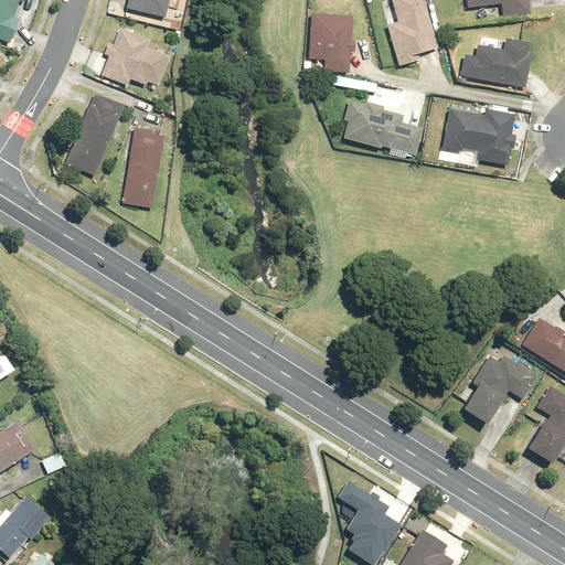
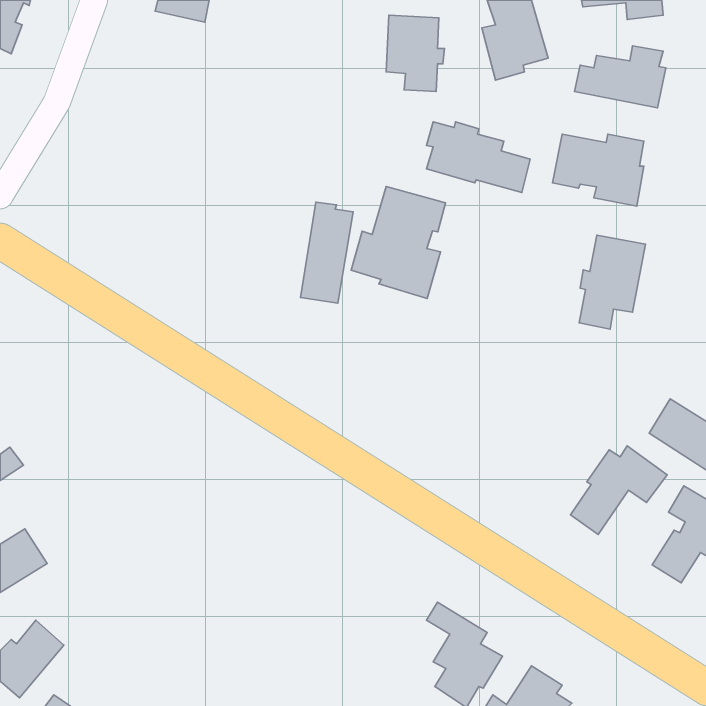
building: [102,28,169,85] -> none
building: [65,93,121,175] -> none
building: [121,127,163,207] -> [301,202,353,303]
building: none -> [351,186,445,299]
building: none -> [579,235,646,329]

